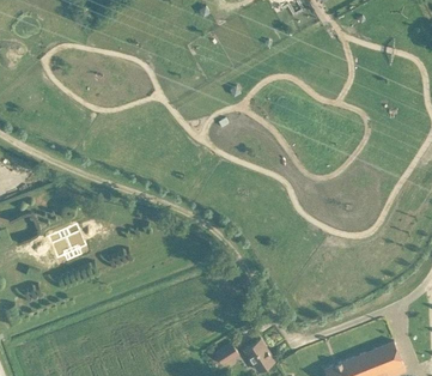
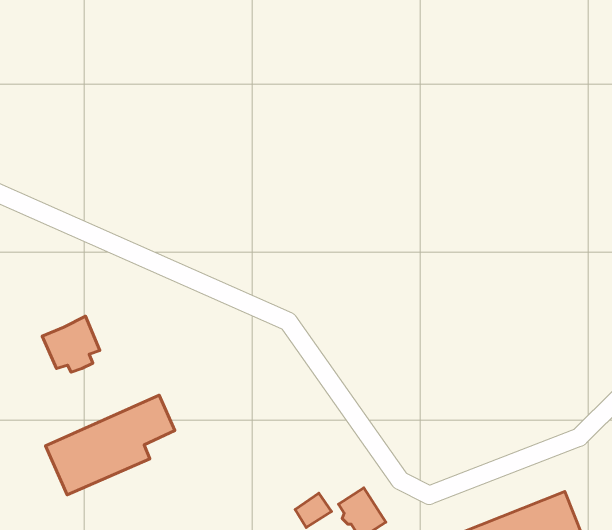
building: none -> [46,395,175,495]

